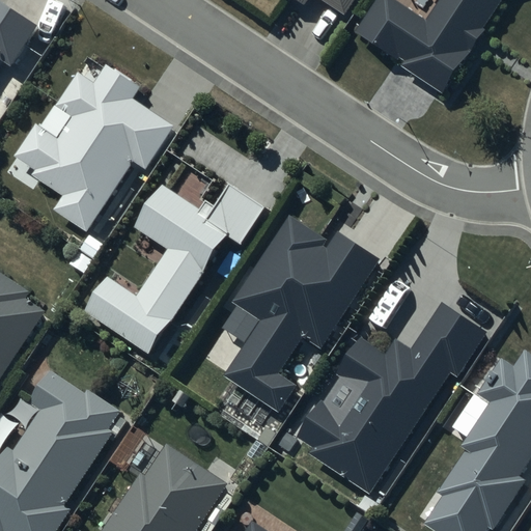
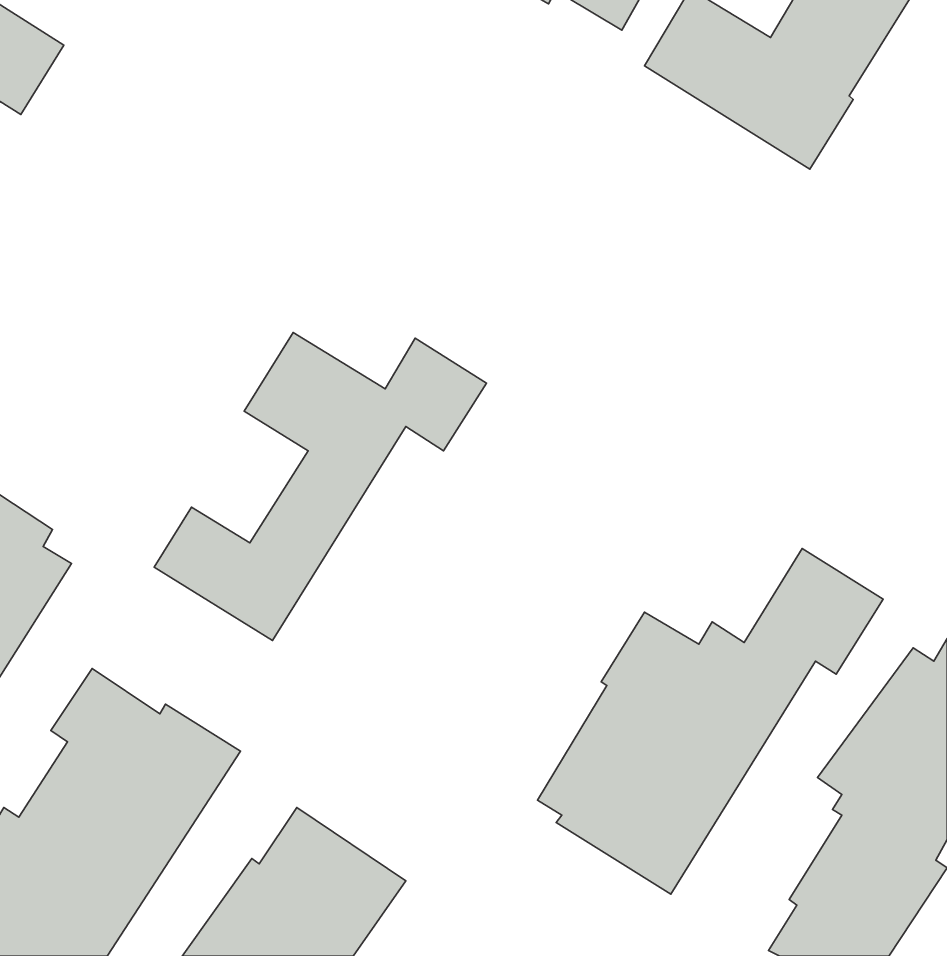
building: [15,64,173,232] -> none
building: [224,215,380,413] -> none

